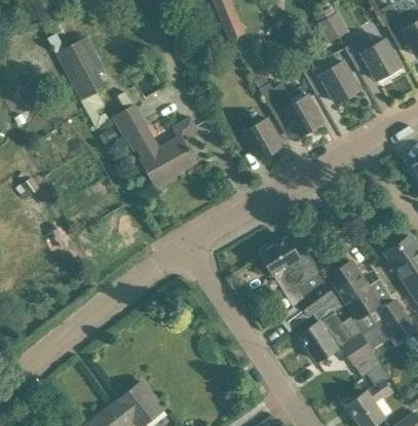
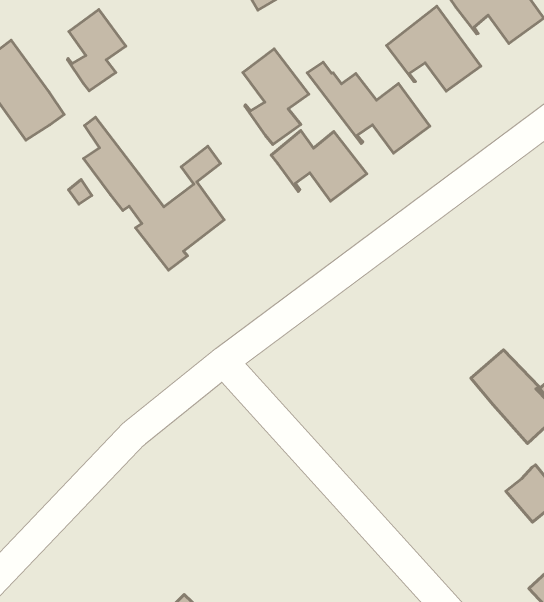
building: none -> [67,10,126,91]
building: none -> [243,49,309,144]
building: [261,237,337,317] -> none
building: [301,308,352,360] -> none

